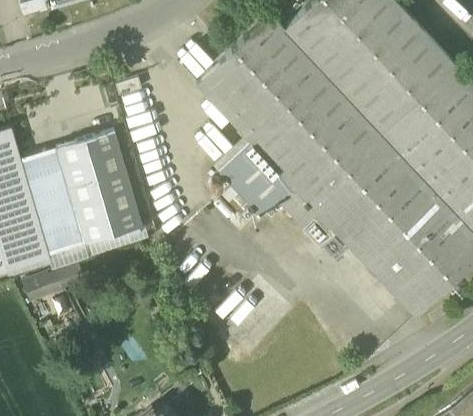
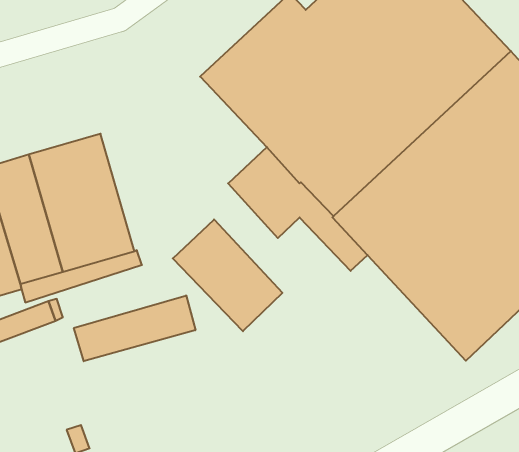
building: none -> [173,219,282,331]
building: none -> [74,295,195,361]

